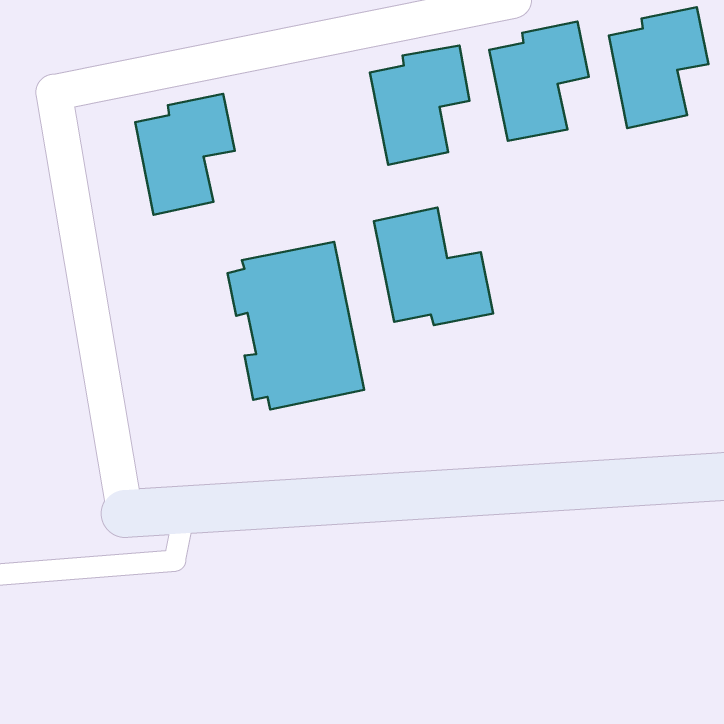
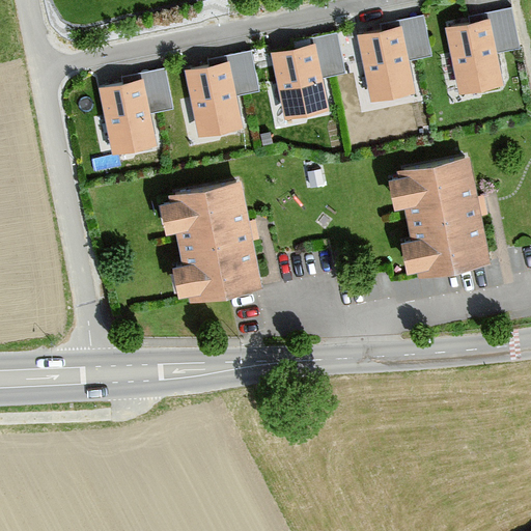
building: none -> [184,53,256,140]
building: [374,207,493,325] -> none
building: none -> [394,153,494,276]

